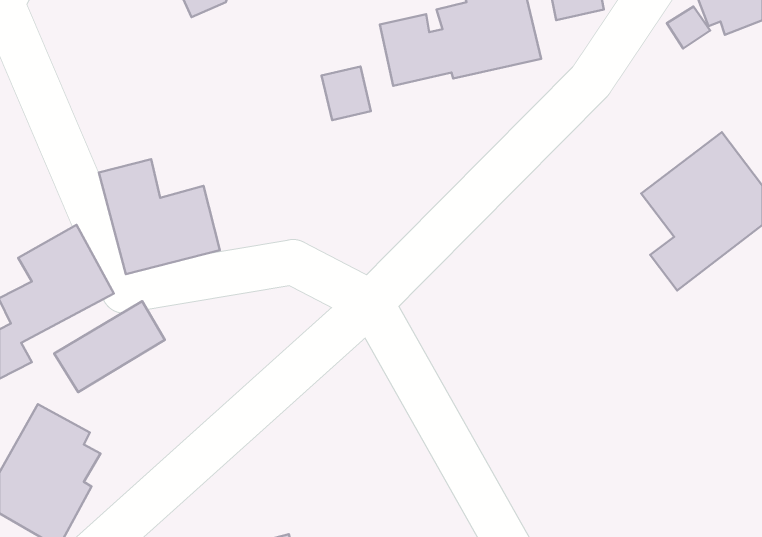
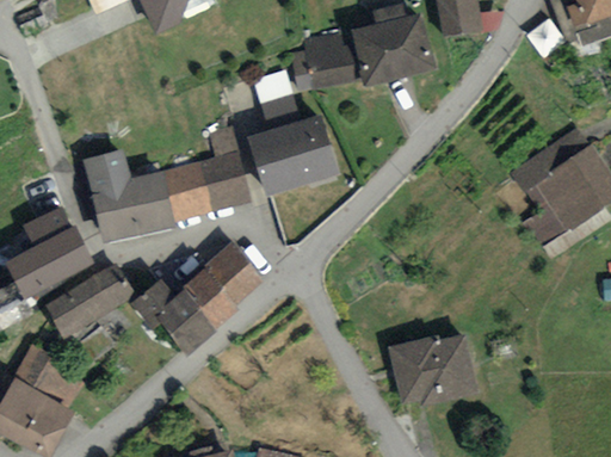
building: none -> [247,113,337,192]
building: none -> [163,129,252,221]
building: none -> [130,245,261,347]
building: none -> [385,338,477,407]

